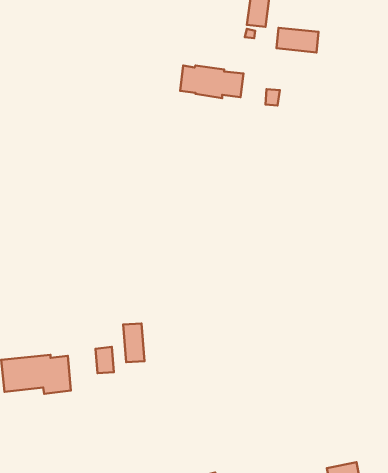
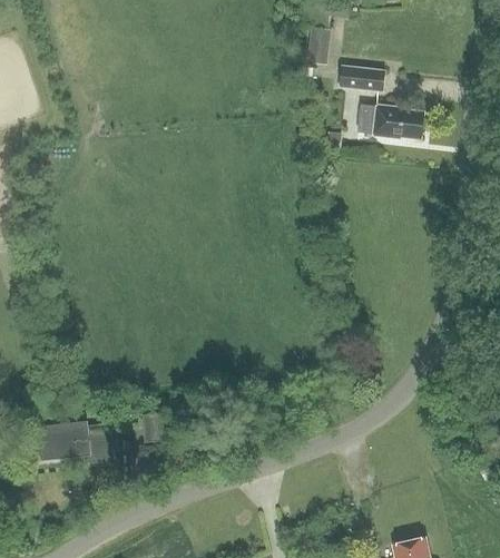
building: [180,65,244,98] -> [355,102,424,138]
building: [123,323,144,362] -> none

